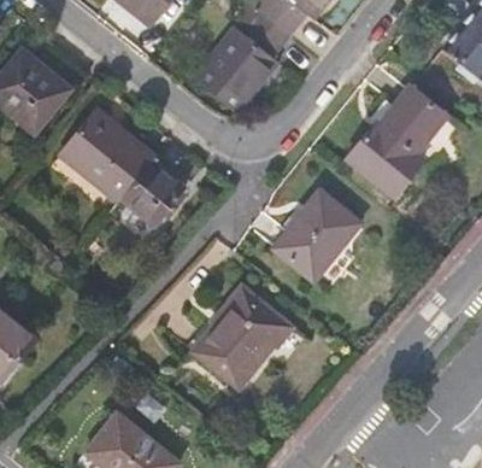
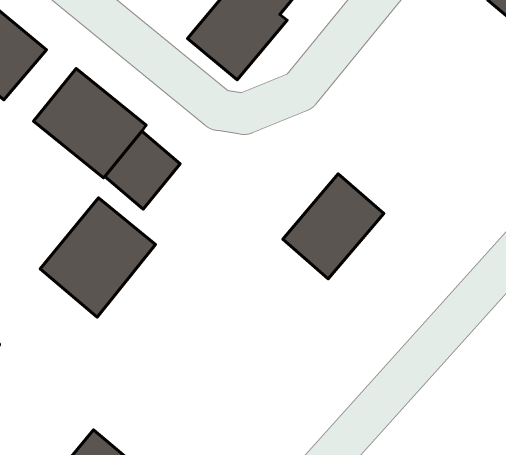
building: [347,84,448,194] -> none
building: [189,289,287,391] -> [40,198,155,317]

